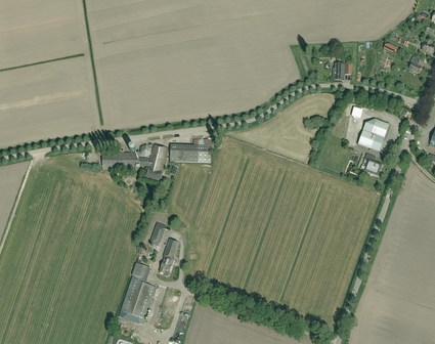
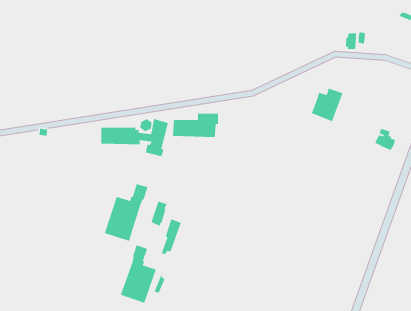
building: [358,118,389,150] -> [311,88,343,122]
building: none -> [104,183,149,242]

